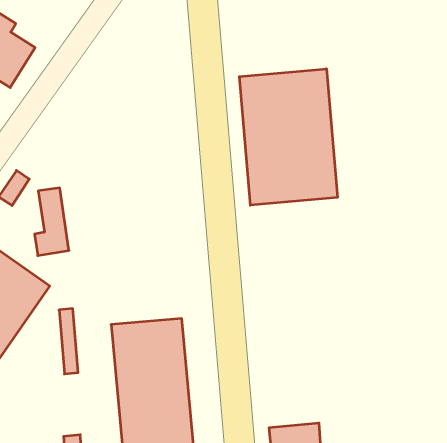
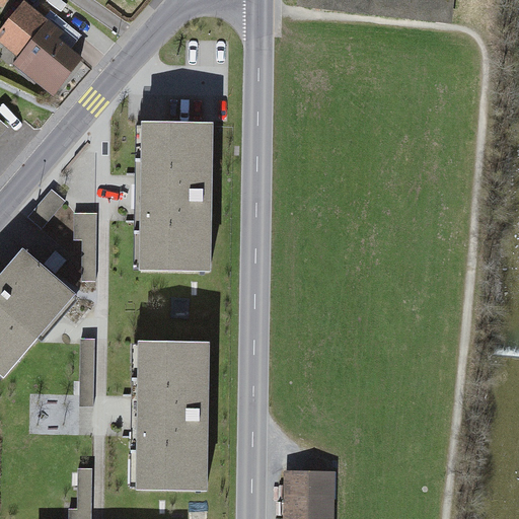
building: [239,69,337,205] -> none
building: none -> [137,124,210,276]

